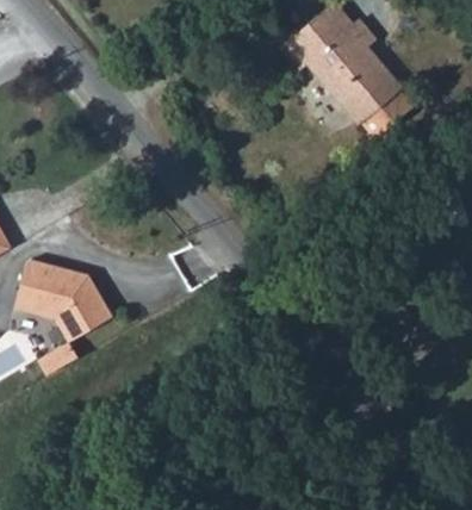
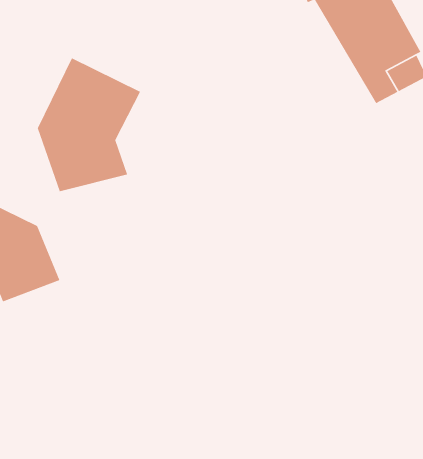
building: none -> [37,57,141,192]

